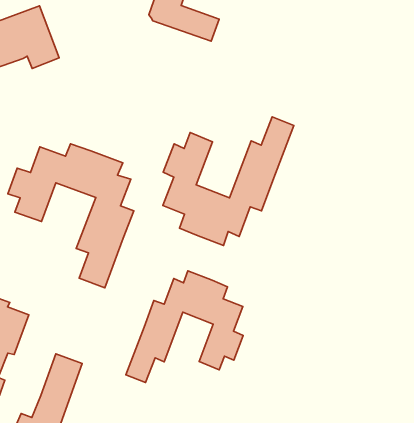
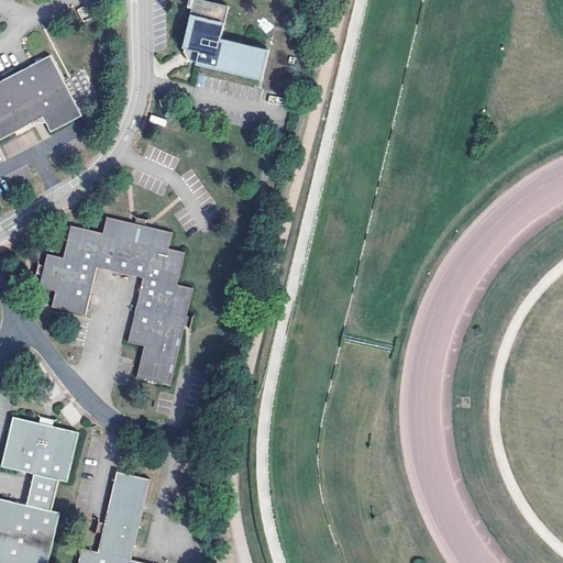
building: [163,117,294,246] -> none
building: [126,271,243,382] -> none

